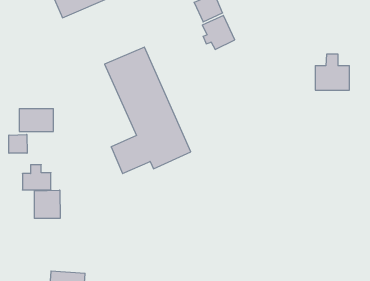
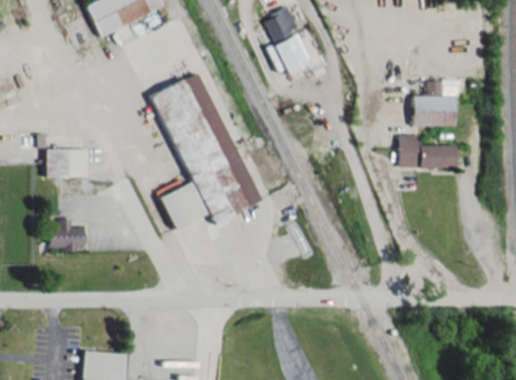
building: none -> [398,135,456,168]
building: [9,134,27,153] -> none
building: [34,190,60,218] -> none

